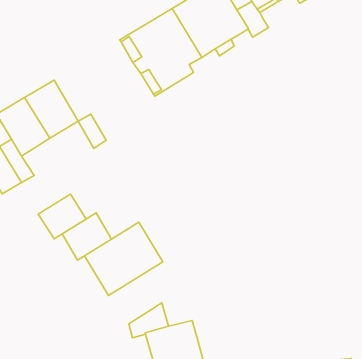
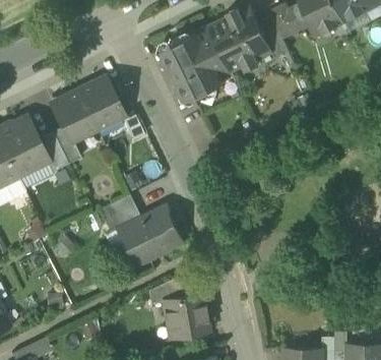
building: [38,194,86,239] -> none

